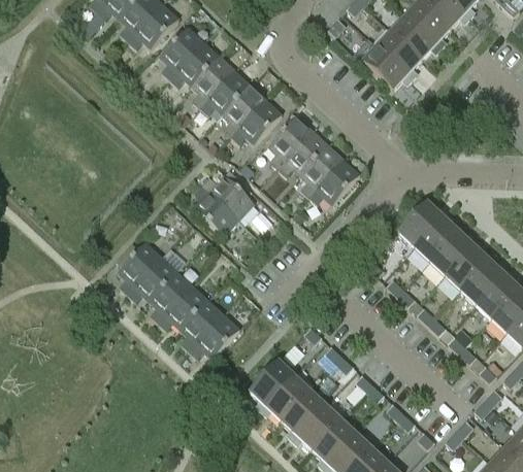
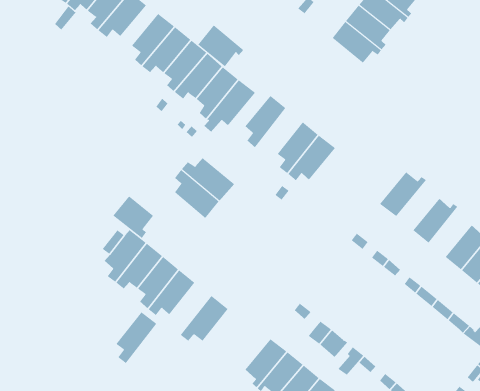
building: none -> [197,25,244,67]
building: [276,130,326,175] -> none
building: none -> [112,196,154,239]
building: [415,211,459,261] -> none
building: [446,240,490,290] -> none
building: [179,300,223,351] -> [116,312,157,364]

